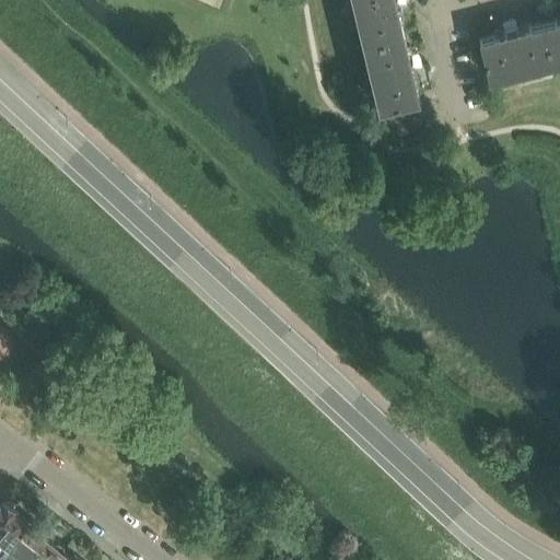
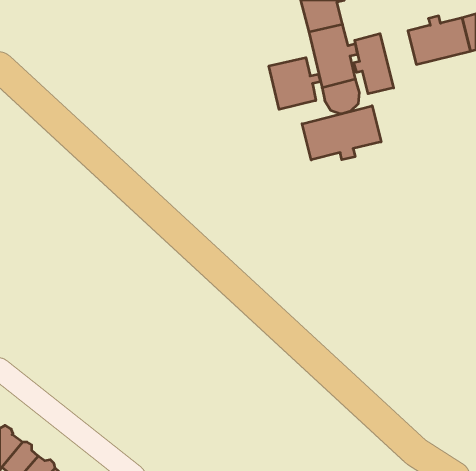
building: none -> [354,34,394,94]
building: none -> [269,58,321,109]
building: none -> [302,106,381,160]

